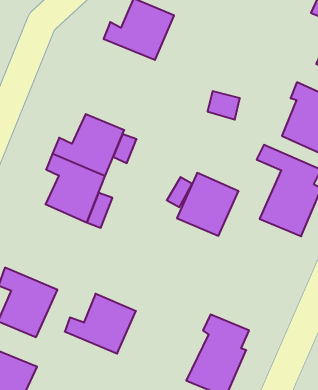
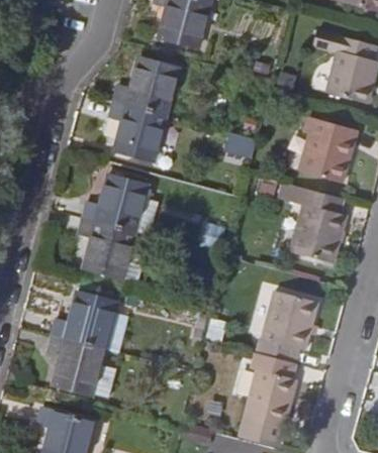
building: none -> [110,100,168,159]
building: [177,173,239,236] -> [262,291,317,348]
building: [65,294,136,354] -> [52,293,117,347]

